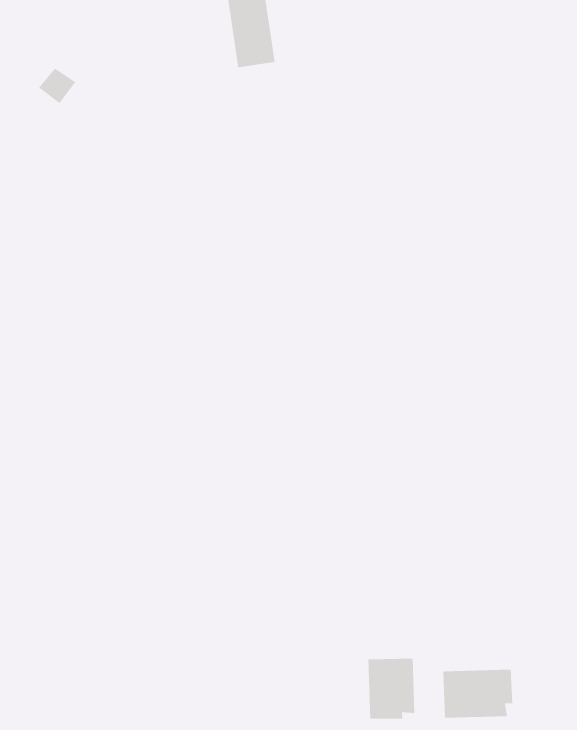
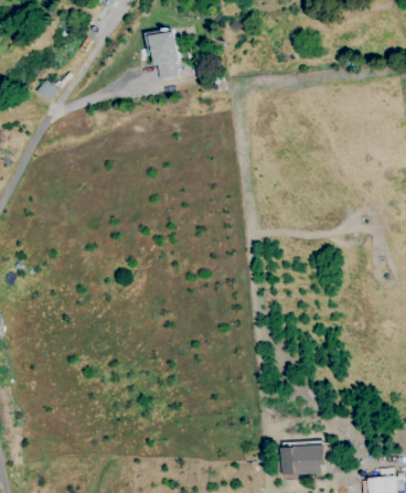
building: [368,658,415,719] -> none

